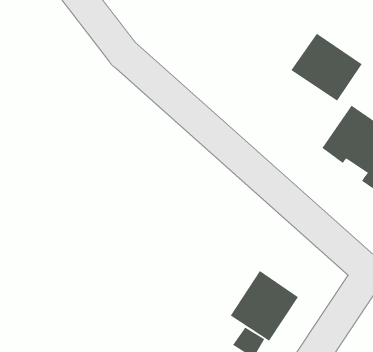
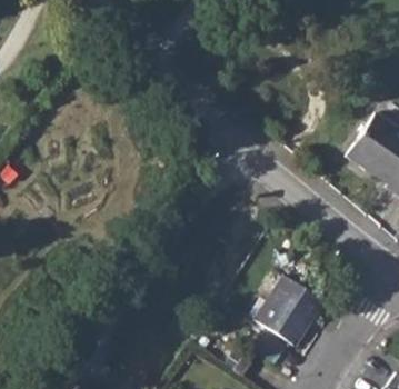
building: [291,33,362,101] -> none

